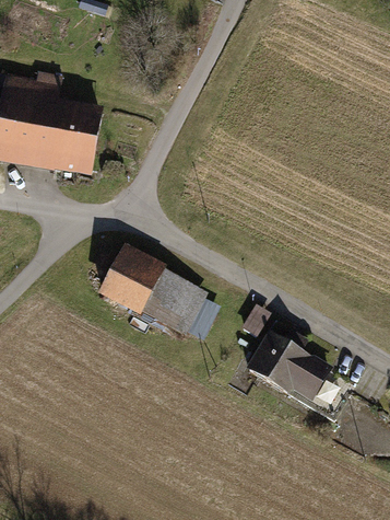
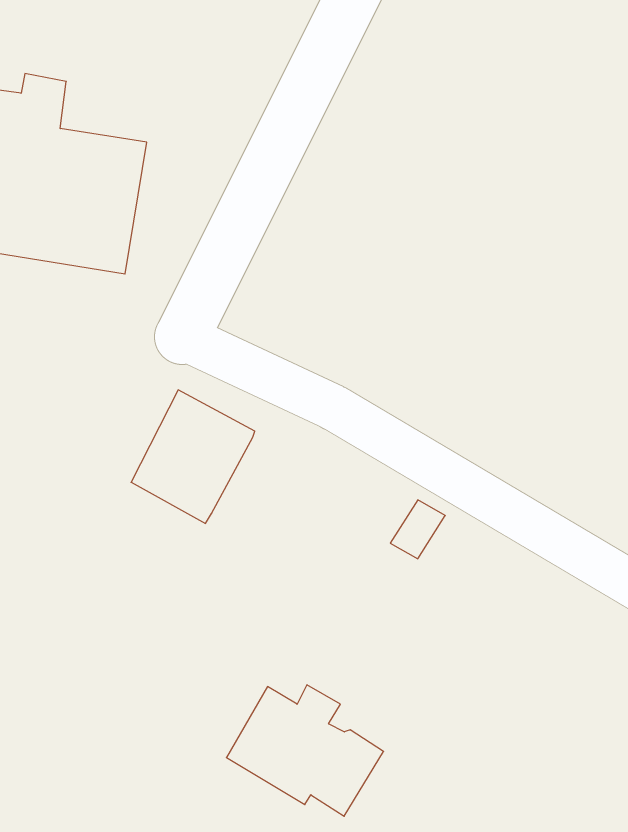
building: [141,268,208,335] -> none
building: [245,328,332,402] -> [226,685,384,816]

